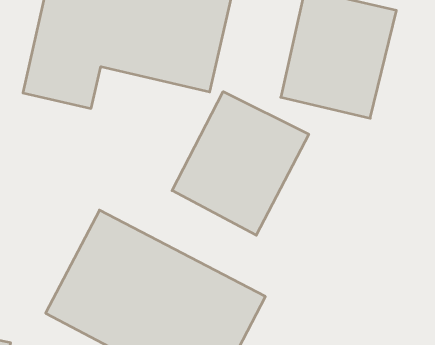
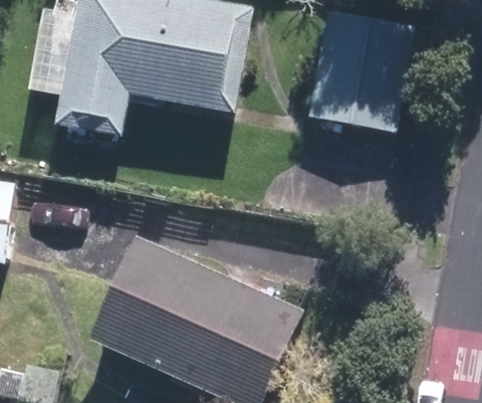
building: [172,92,309,235] -> none

